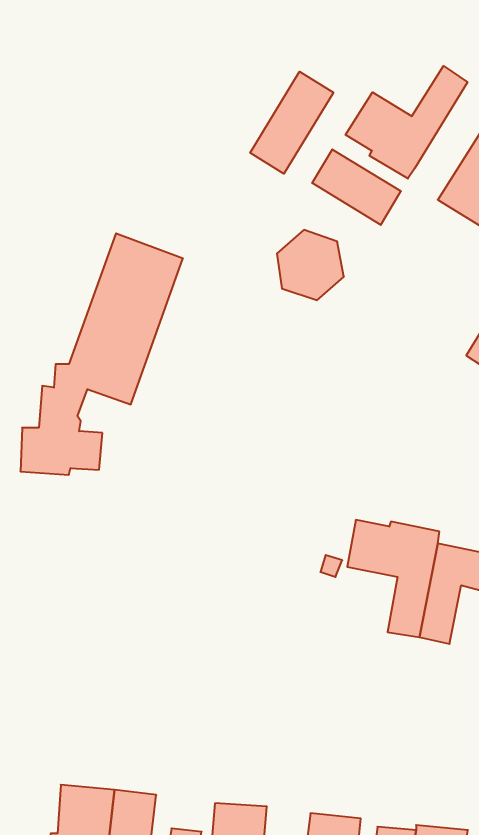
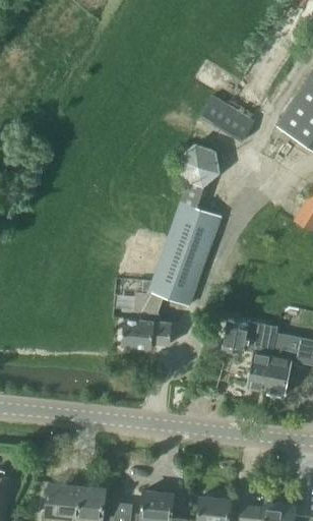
building: [346,66,467,179] -> none
building: [250,72,333,174] -> none
building: [20,233,183,475] -> [122,201,221,348]

